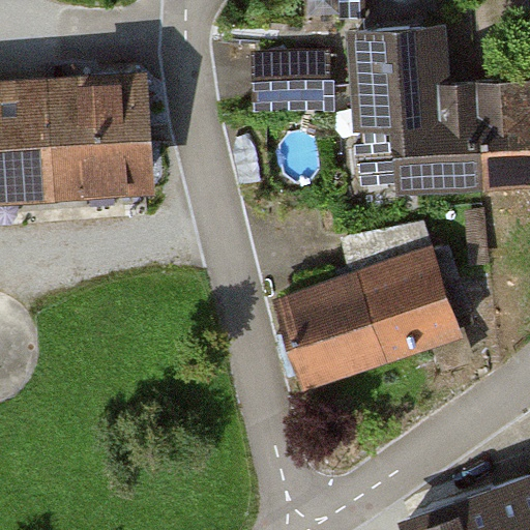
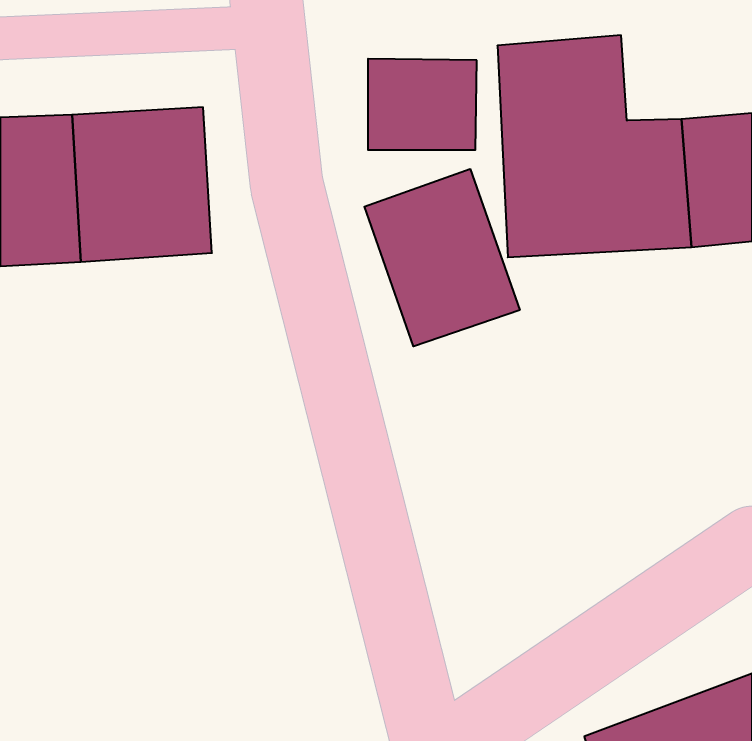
building: none -> [364,169,520,346]
building: [282,227,460,384] -> none

